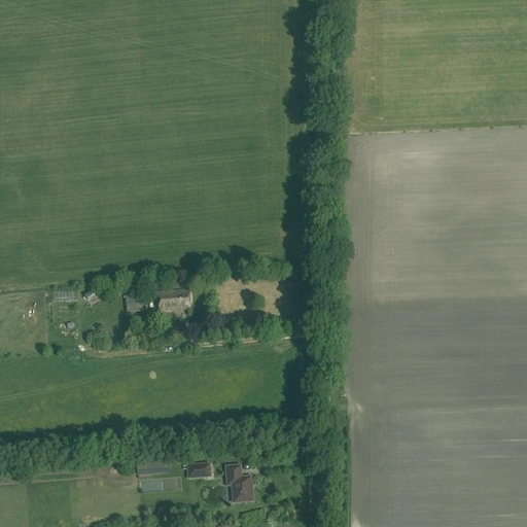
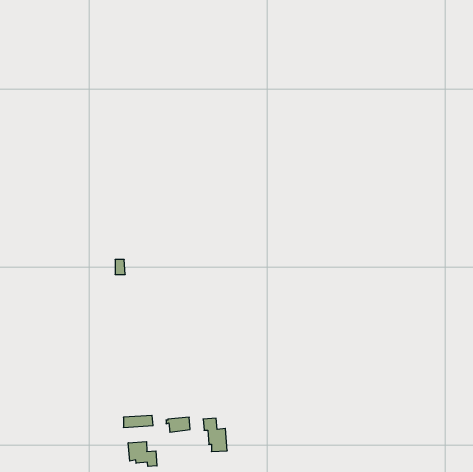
building: [157,289,189,310] -> none
building: none -> [128,442,157,466]

